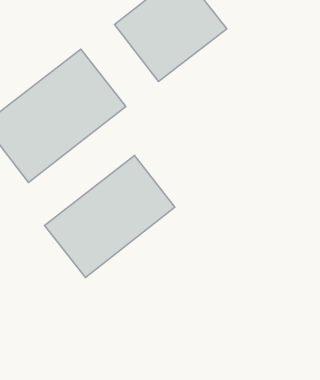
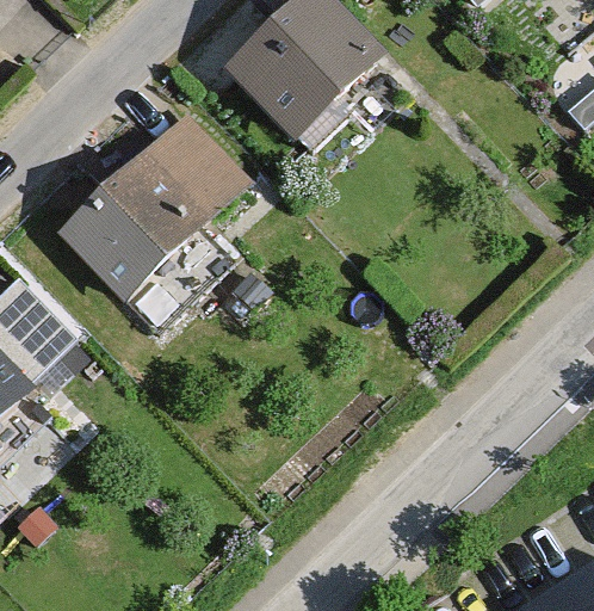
building: [45,155,175,277] -> none

